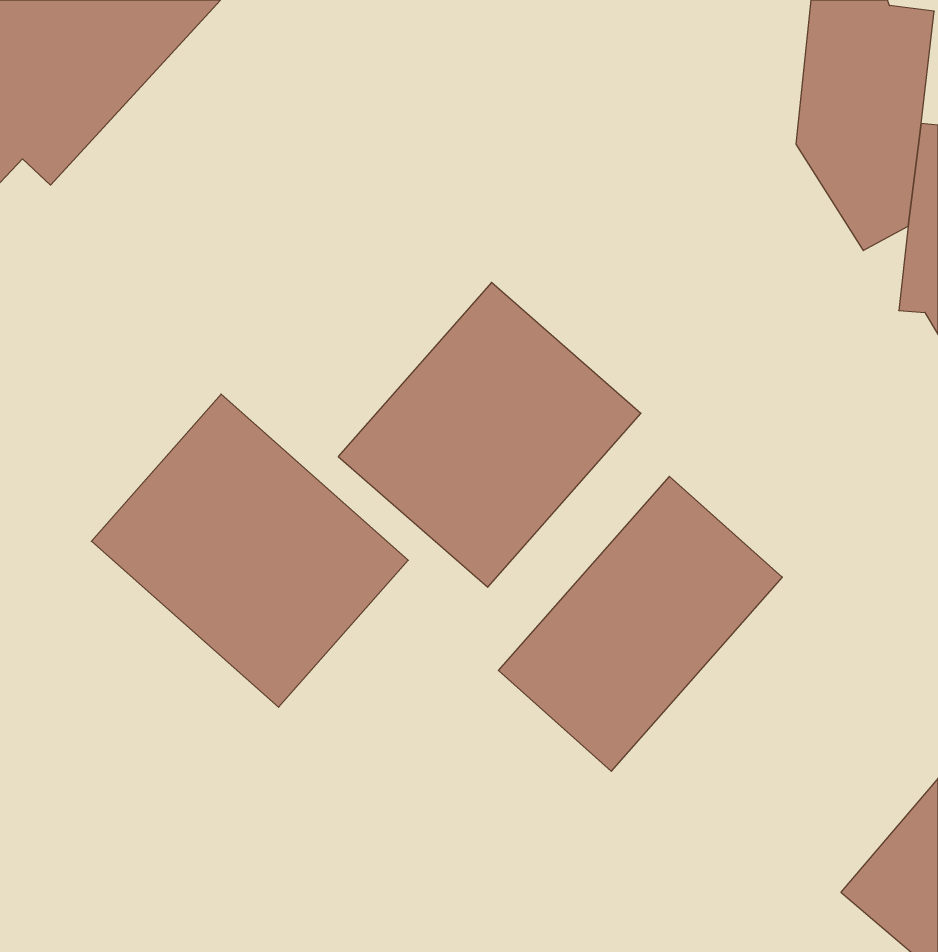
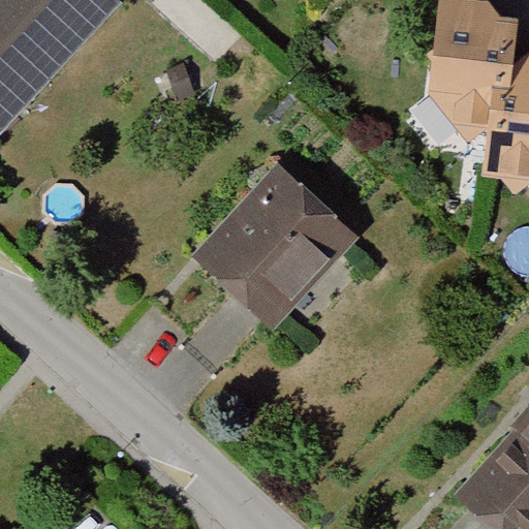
building: [91,394,408,707] -> none
building: [498,476,782,771] -> none

